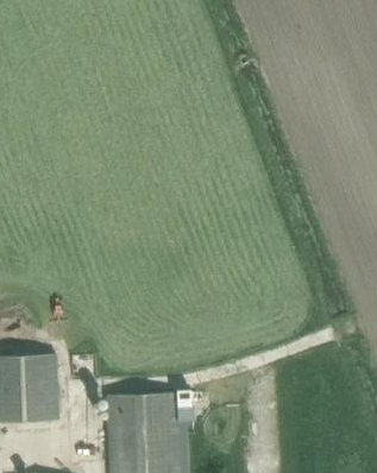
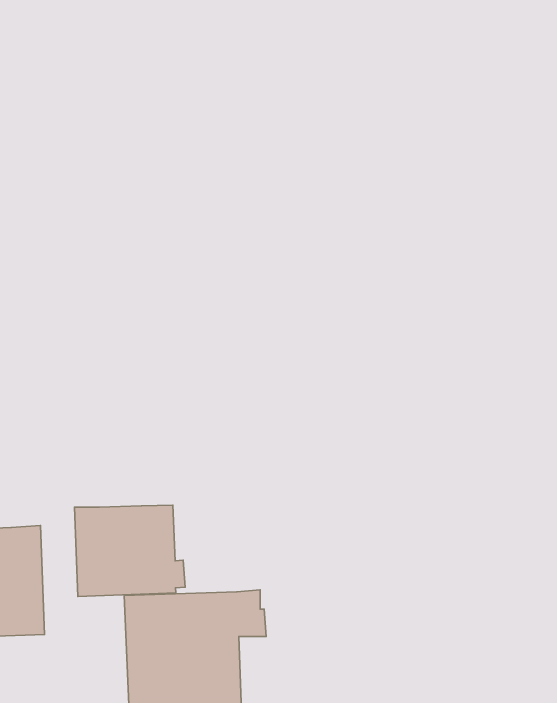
building: none -> [75,505,185,596]

